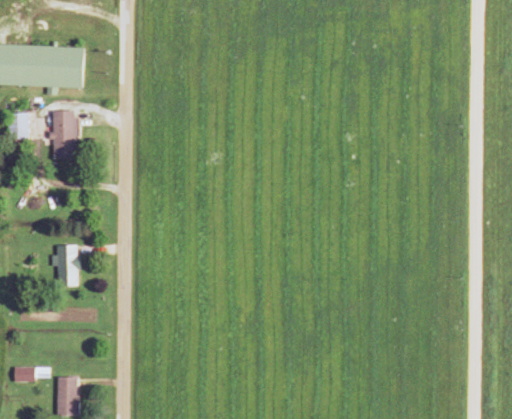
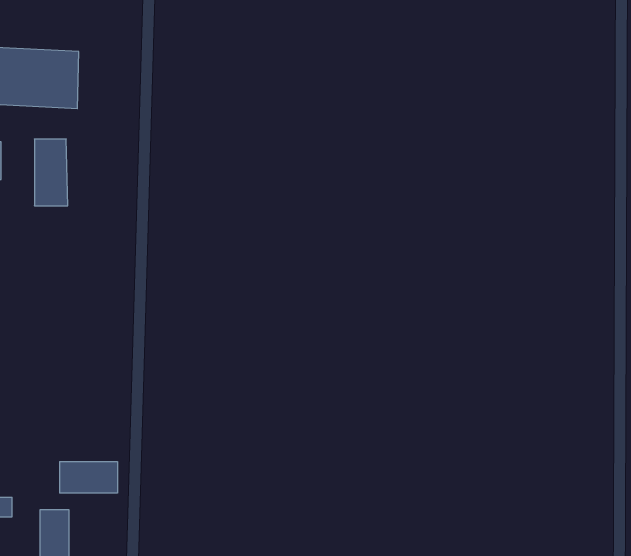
building: [54,245,79,286] -> none
building: none -> [60,462,117,493]

